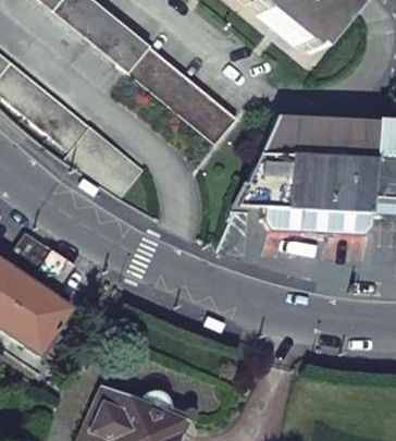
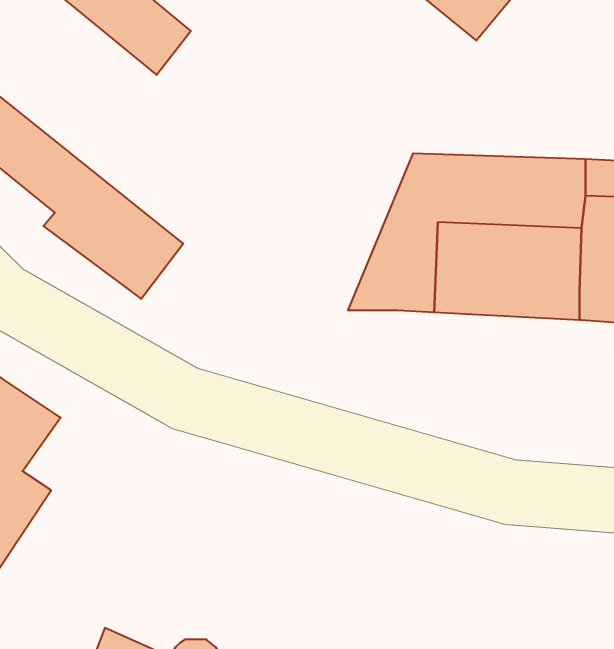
building: [131,47,238,142] -> none
building: [267,206,372,233] -> none

